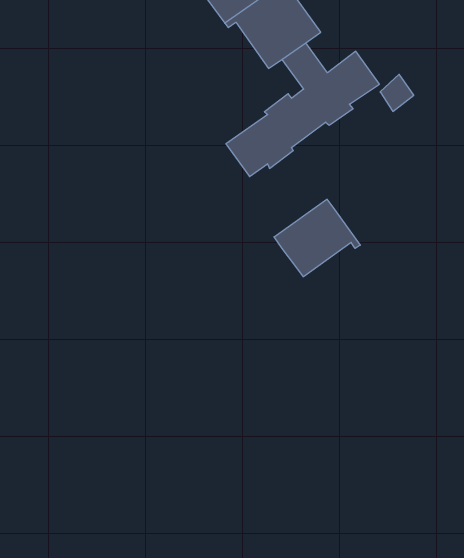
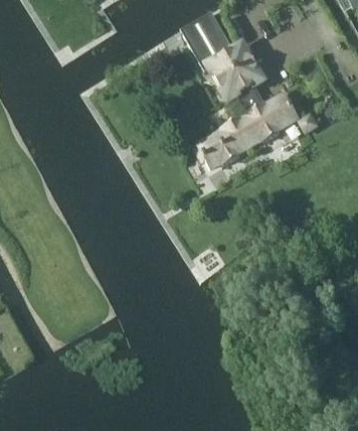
building: [274,199,360,277] -> none

